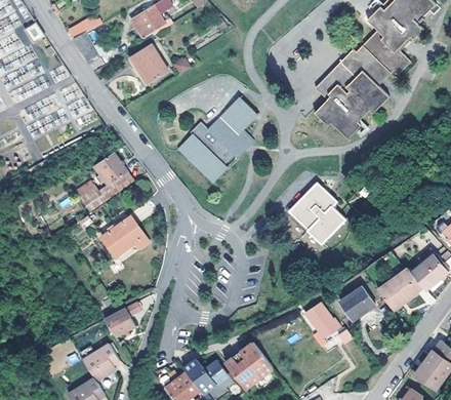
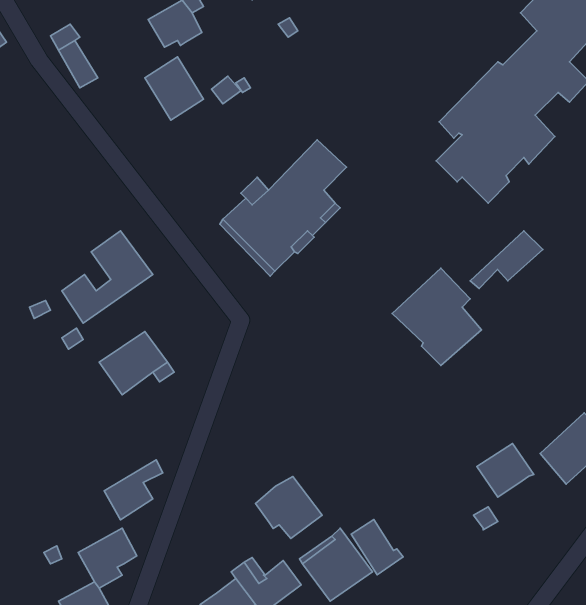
building: none -> [470,231,543,288]
building: [308,304,340,338] -> [351,519,403,575]
building: none -> [255,476,322,538]

